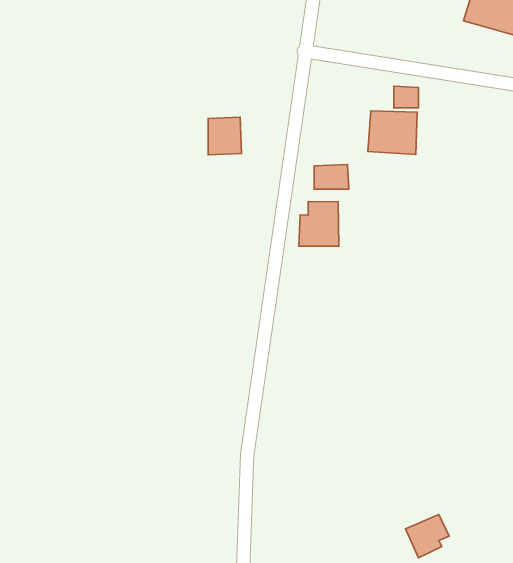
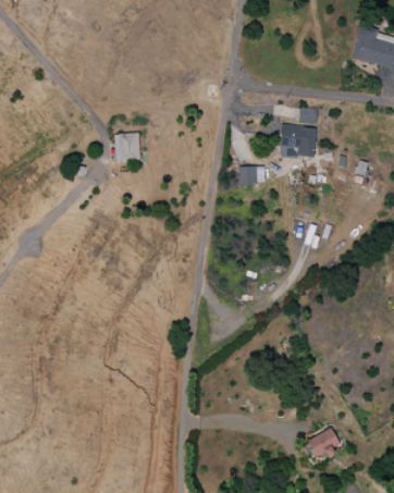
building: [208,117,242,155] -> [115,133,140,161]
building: [299,202,339,246] -> none

